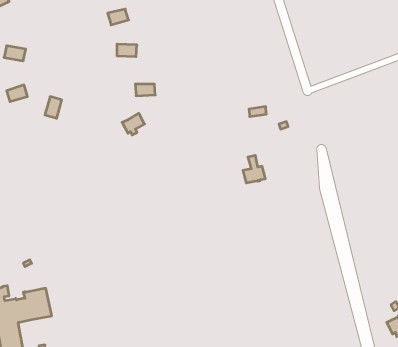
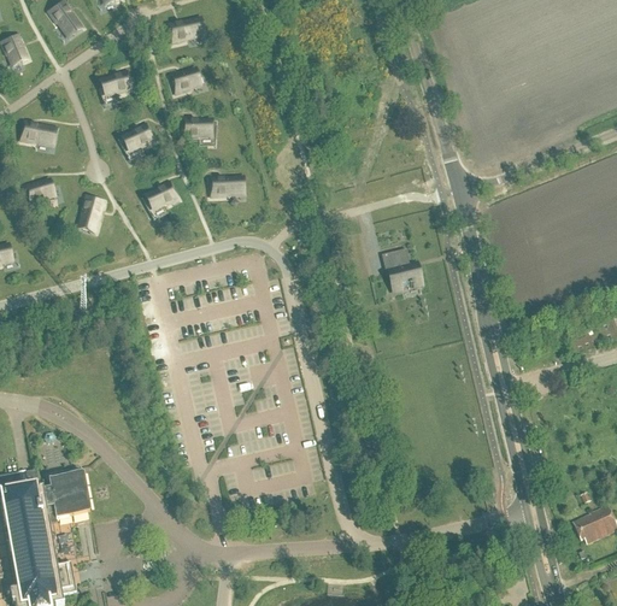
building: none -> [101,72,133,102]
building: none -> [122,125,154,157]
building: [122,113,145,135] -> [146,183,178,214]
building: [243,155,265,183] -> [388,249,421,289]

